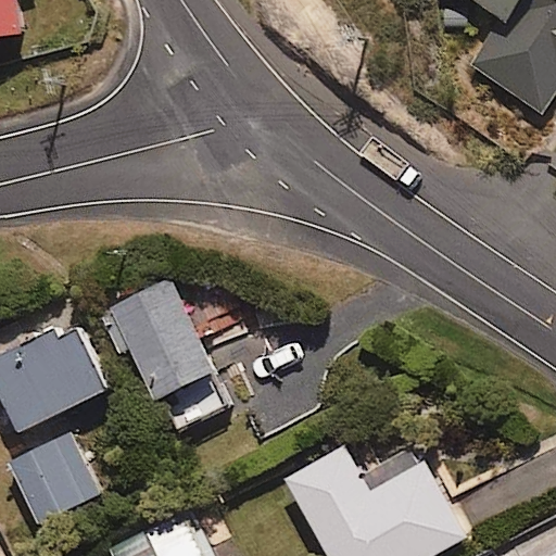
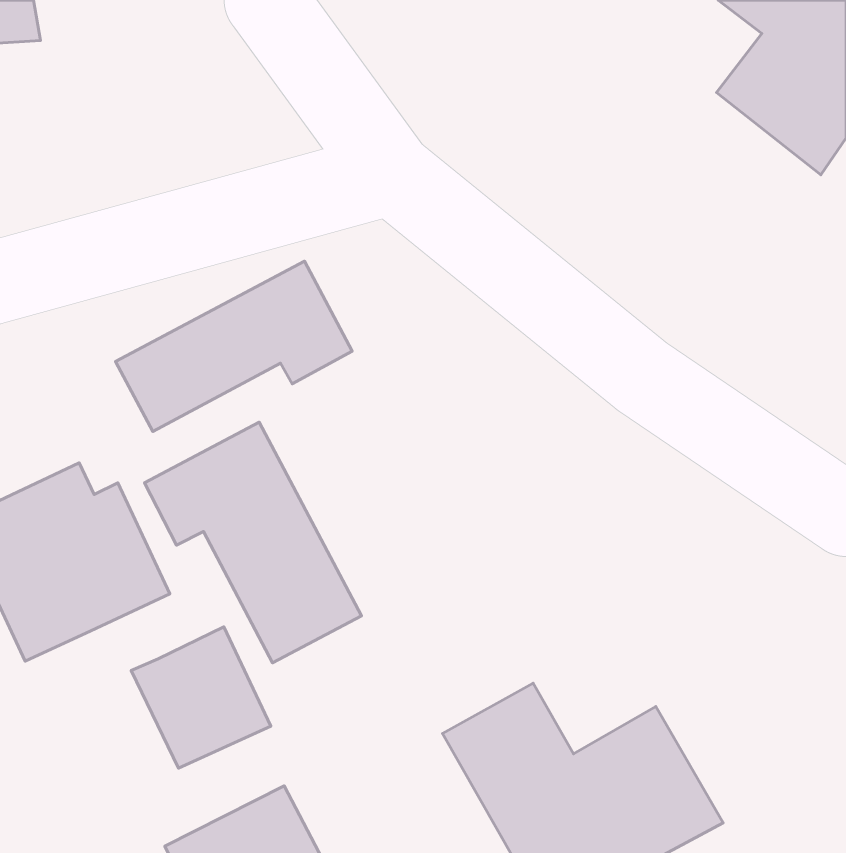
building: none -> [116,261,352,431]
building: [9,431,99,522] -> [131,627,271,768]

